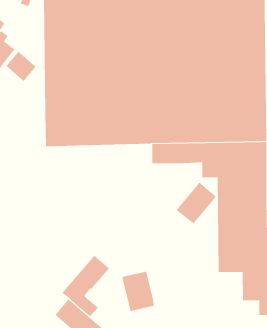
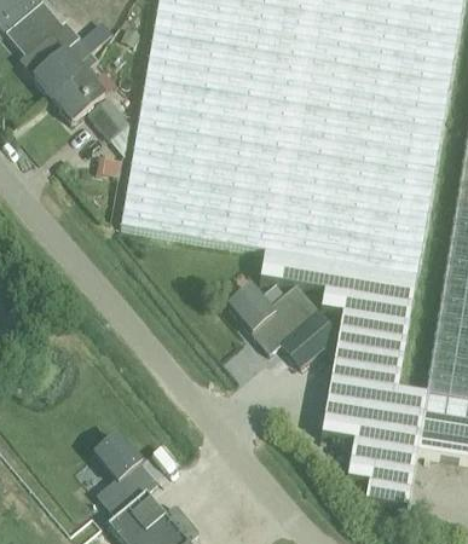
building: none -> [229,283,319,352]
building: [62,255,110,317] -> none
building: [122,271,154,312] -> none

